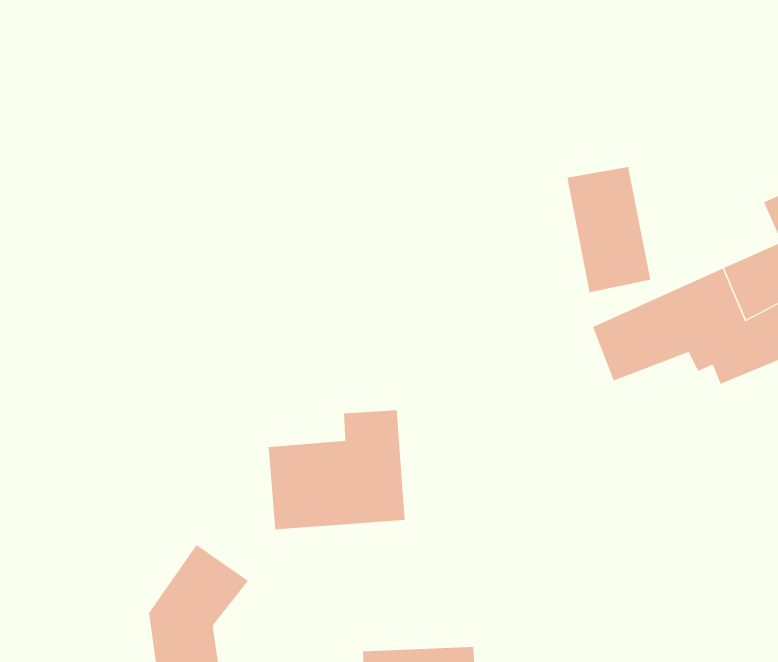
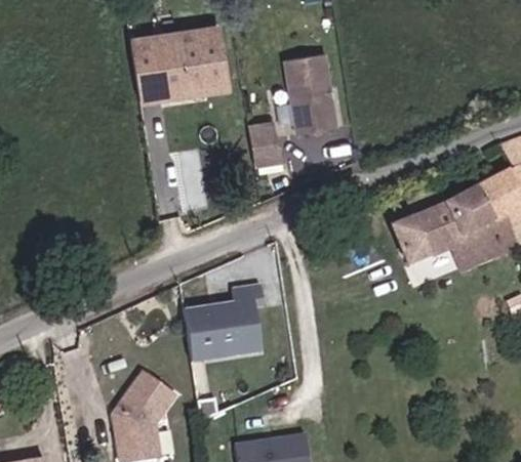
building: none -> [126,25,223,99]
building: none -> [247,119,282,164]
building: [567,166,651,293] -> [283,55,337,136]

